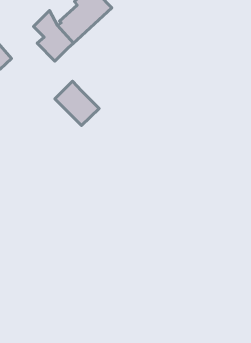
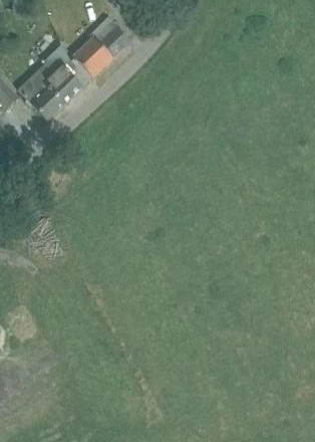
building: [55,81,99,125] -> [18,69,68,120]

